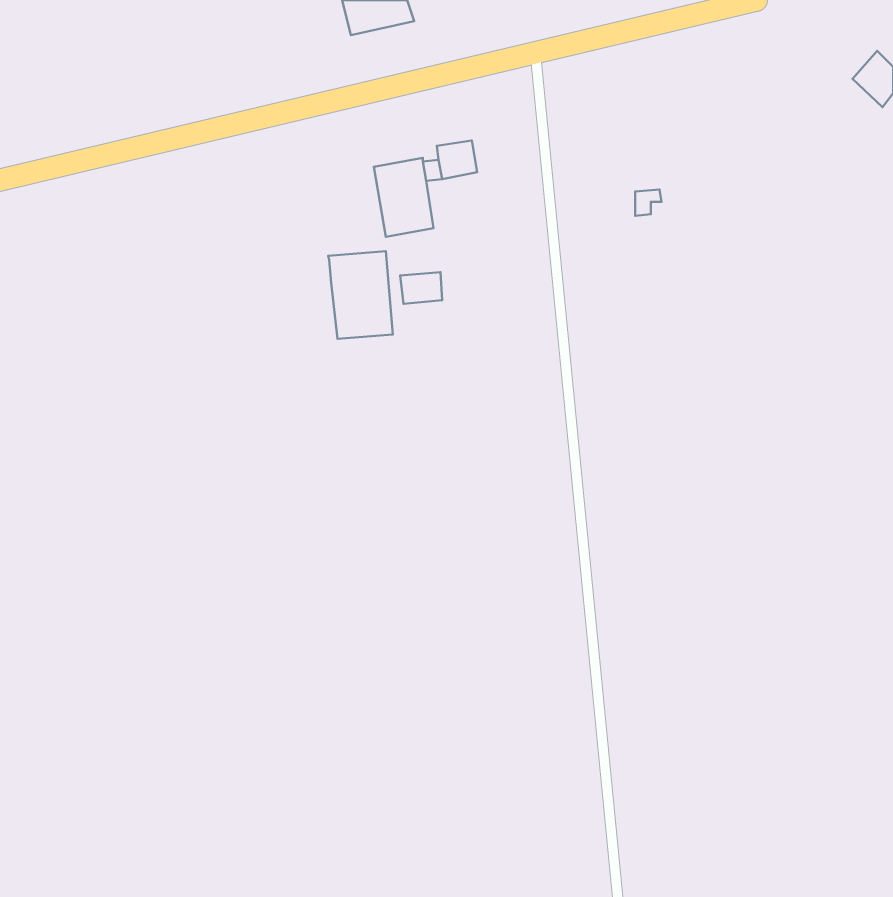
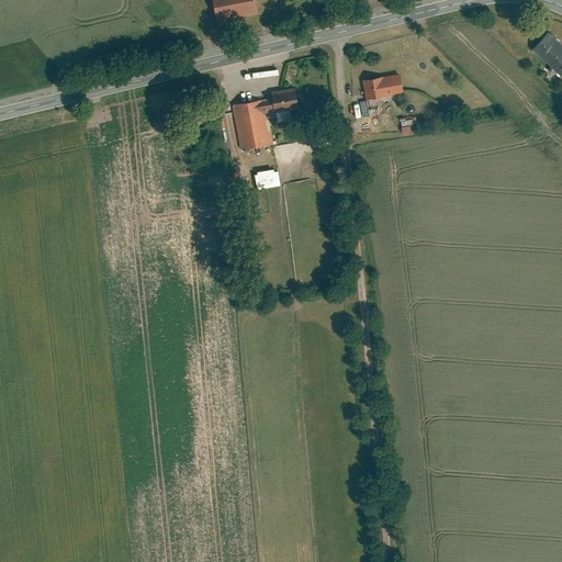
building: none -> [364,75,404,100]
building: [328,251,393,339] -> none

